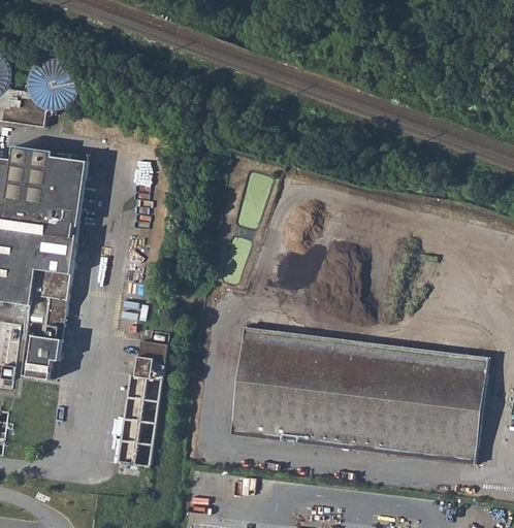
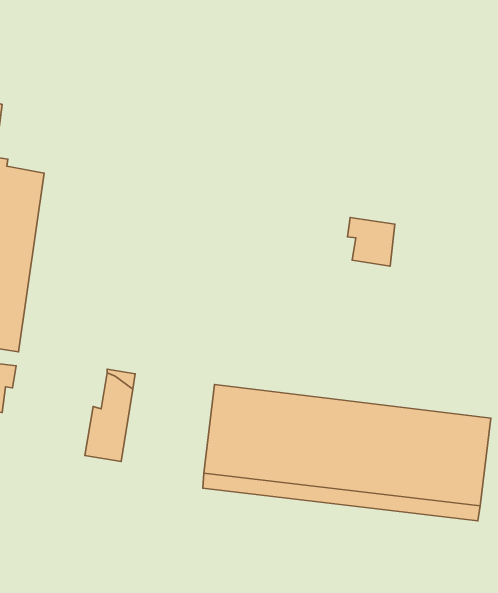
building: none -> [348,217,395,266]
building: [238,326,485,371] -> none
building: [118,404,156,456] -> none

